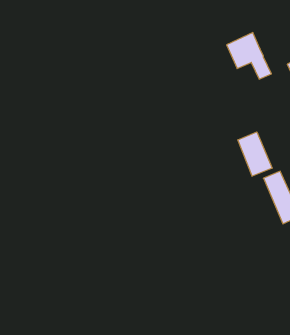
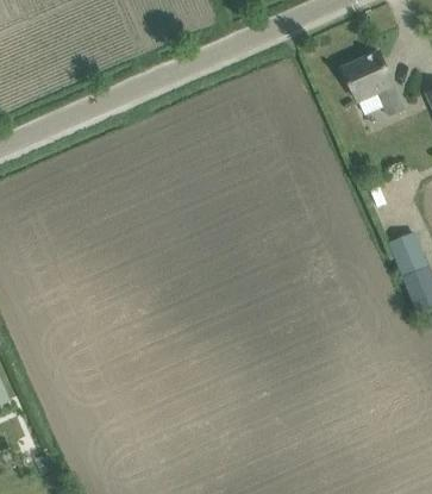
building: [238,132,272,176] -> none

